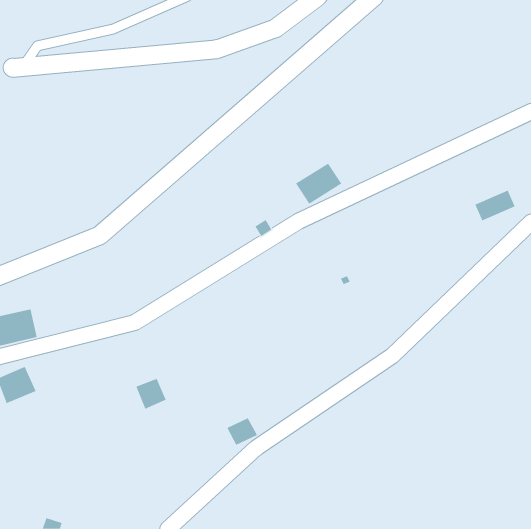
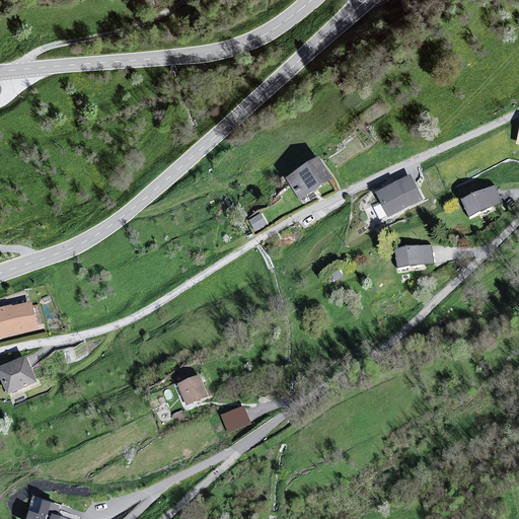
building: none -> [375,174,423,215]
building: none -> [393,243,433,267]
building: [135,378,167,409] -> [176,375,207,405]

